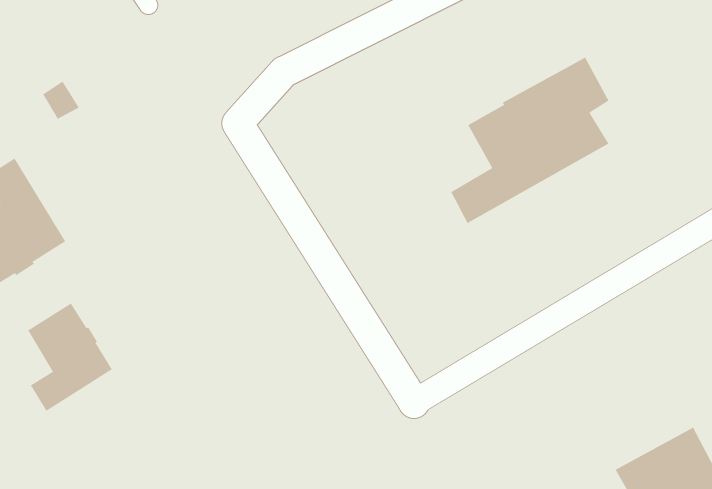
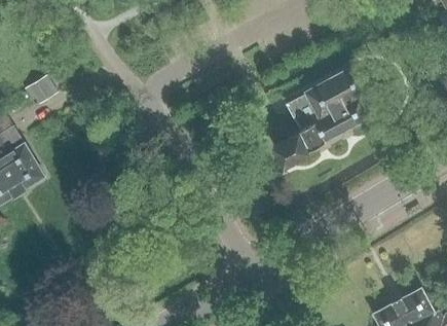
building: [27,303,113,412] -> none

